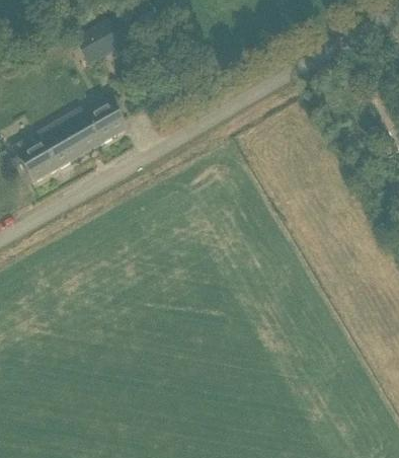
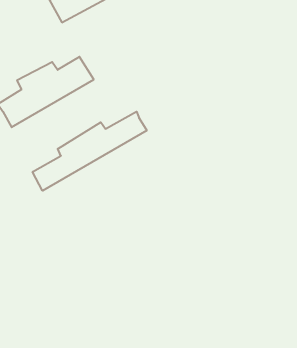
building: none -> [33,112,147,191]

